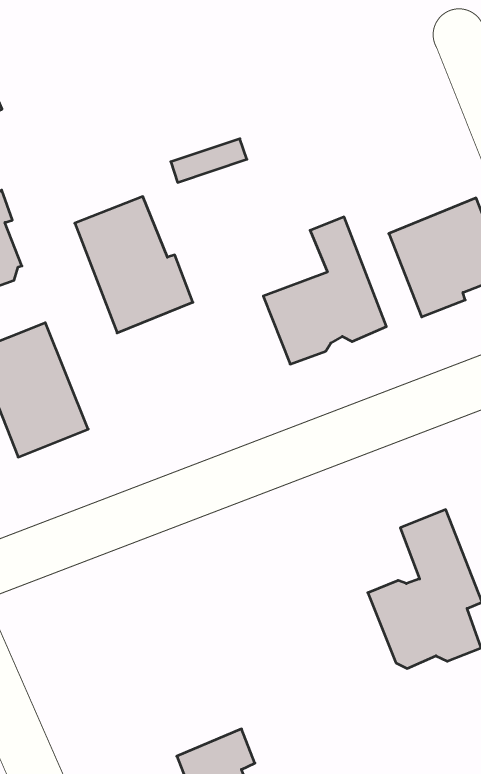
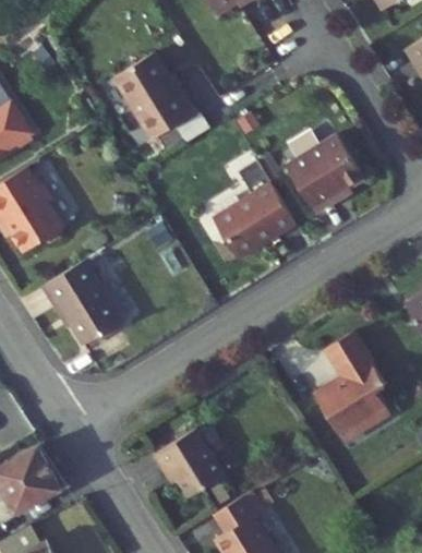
building: [75,197,193,333] -> [114,52,196,140]
building: none -> [153,428,224,497]

